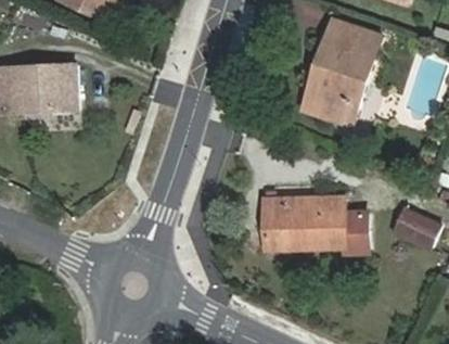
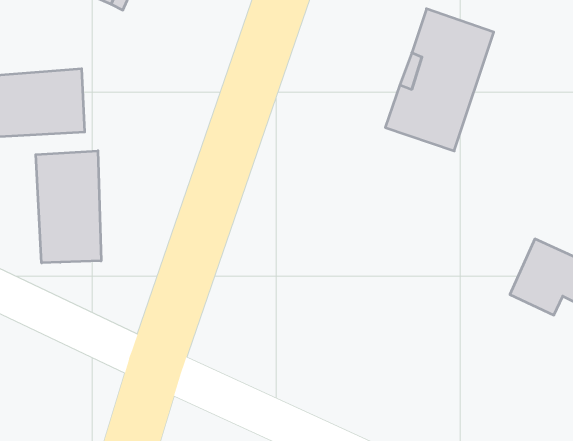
building: none -> [36,151,101,263]
building: [259,194,367,252] -> none

